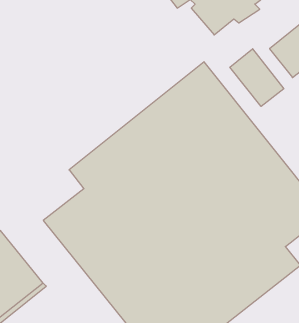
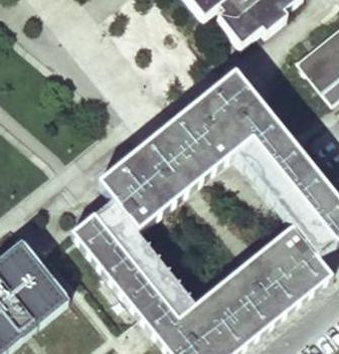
building: [230,49,284,106] -> none

